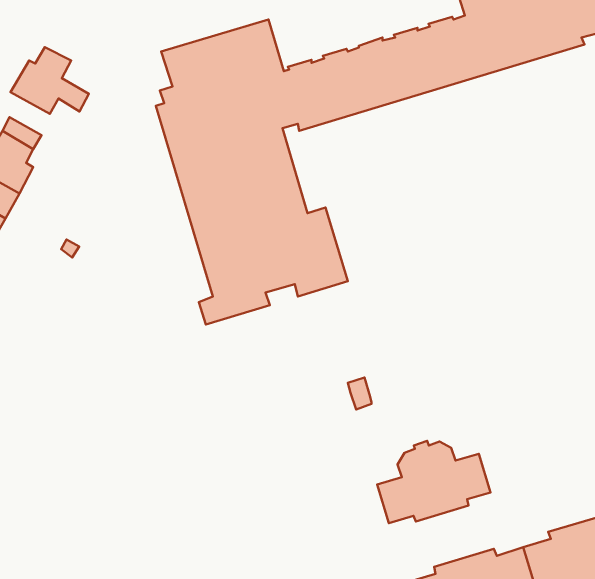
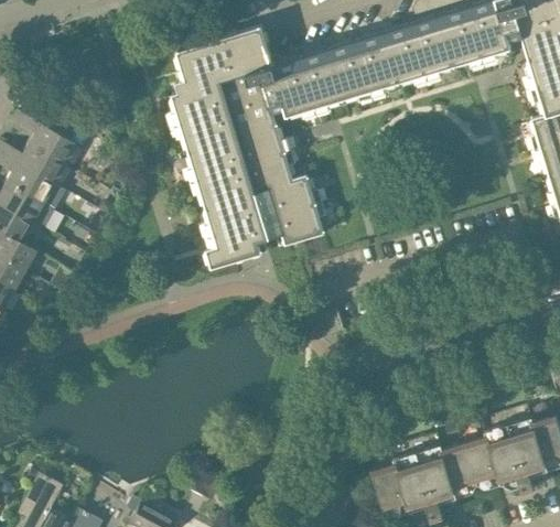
building: [11,47,89,114] -> none
building: [377,441,491,523] -> none

